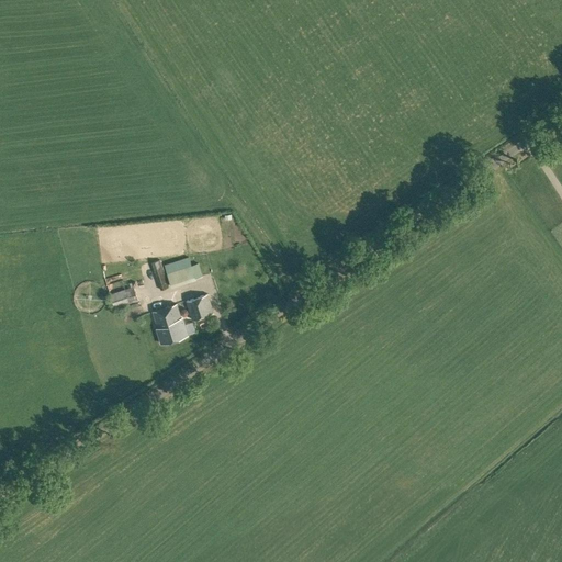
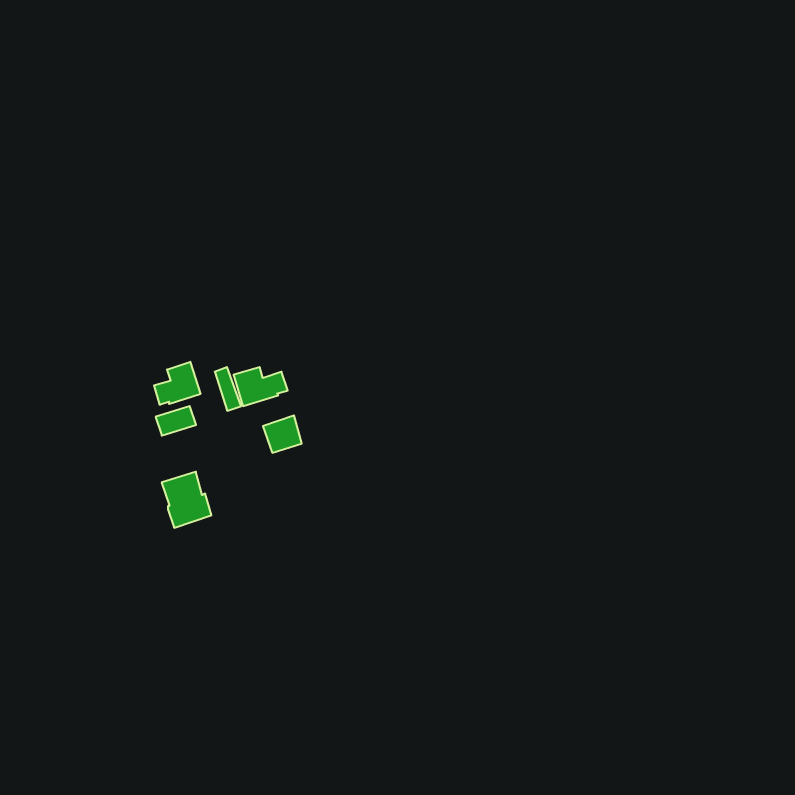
building: none -> [154,362,200,405]
building: [153,304,188,344] -> [162,472,211,528]

